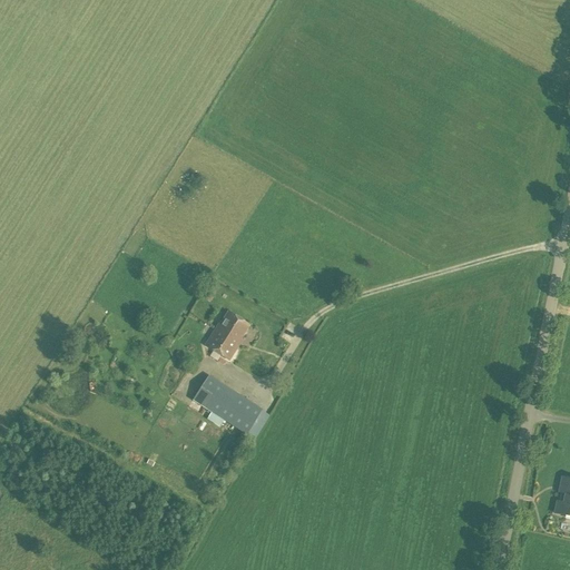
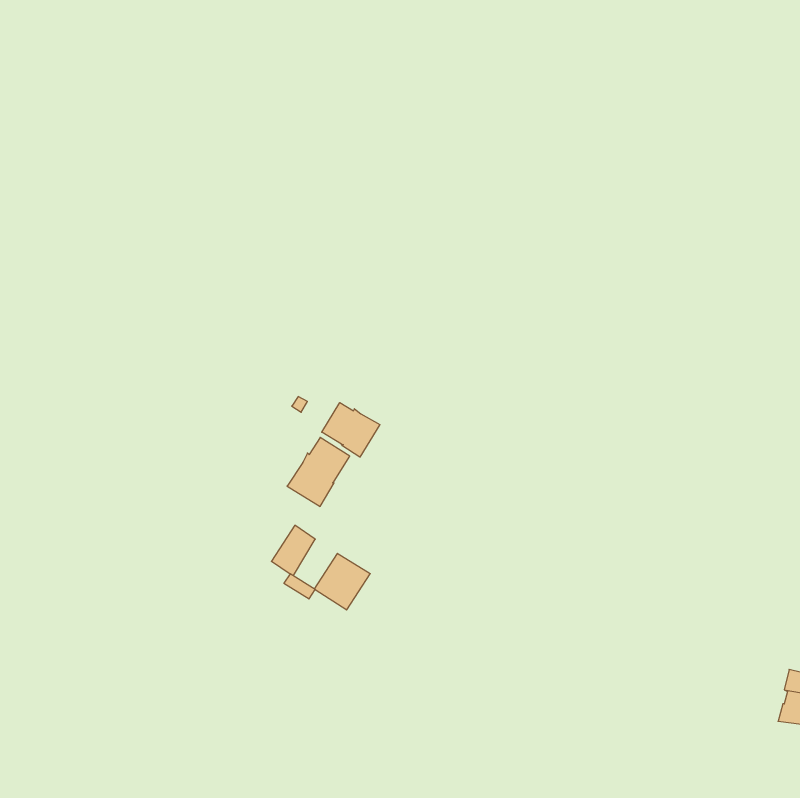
building: none -> [322,403,380,457]

